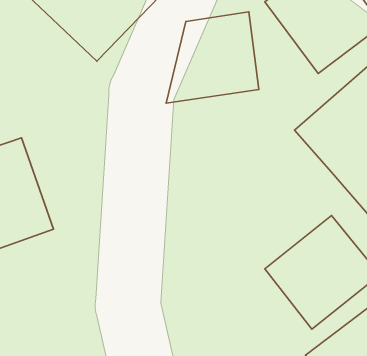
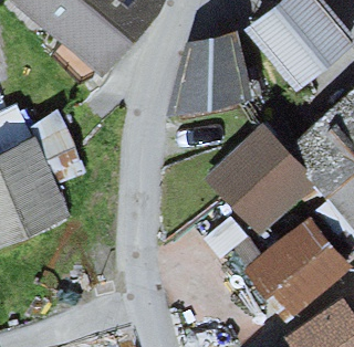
building: none -> [198,116,311,229]

